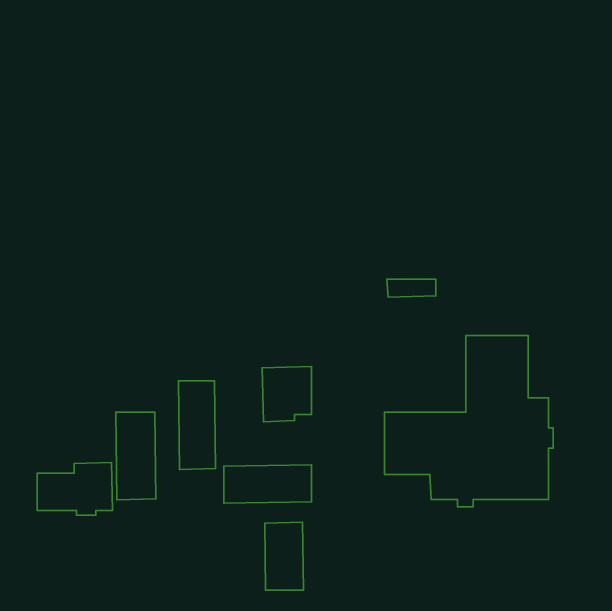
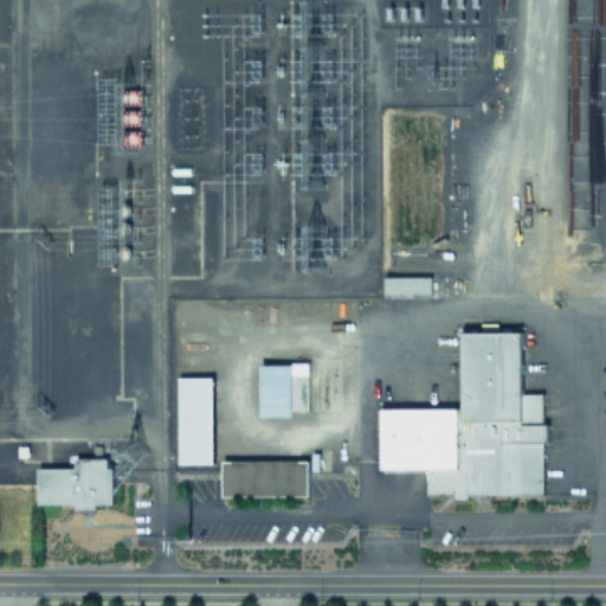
building: [116,412,156,500] -> none
building: [265,522,304,590] -> none

